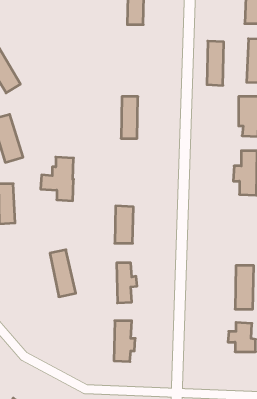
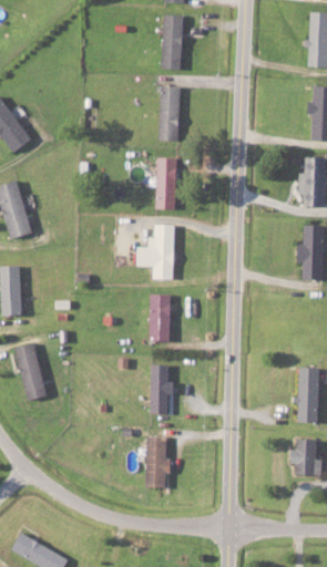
building: [207,41,224,85] -> [159,85,180,141]
building: [41,157,74,201] -> [133,225,174,279]
building: [50,250,76,297] -> [14,342,47,401]

